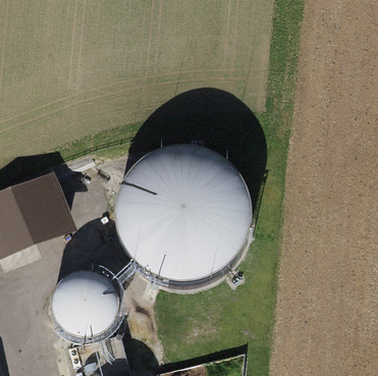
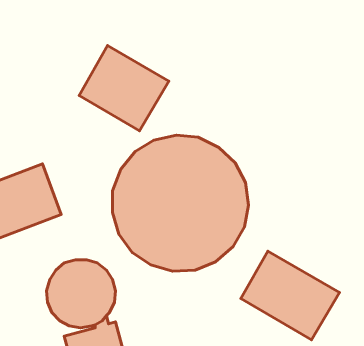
building: none -> [79,46,169,131]
building: none -> [241,251,339,340]

